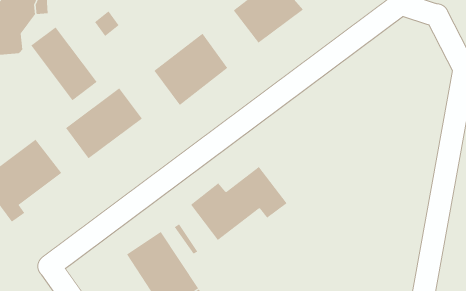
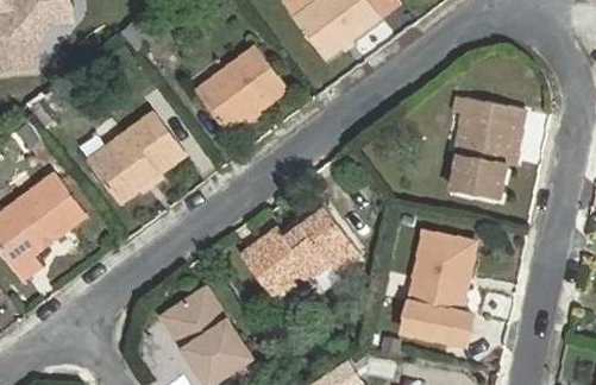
building: [31,26,97,101] -> none
building: none -> [451,97,523,200]
building: none -> [403,233,473,342]

